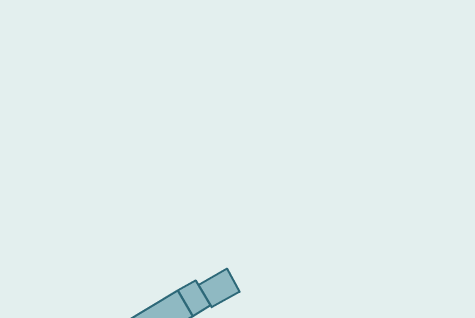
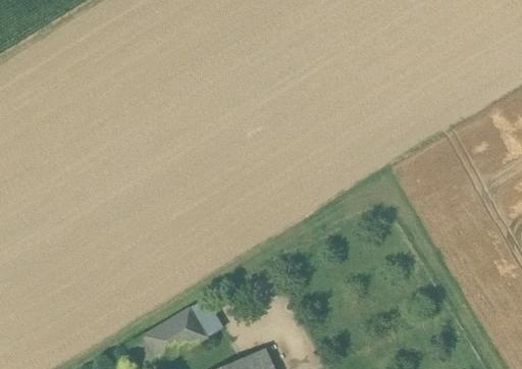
building: [198,269,240,307] -> none

